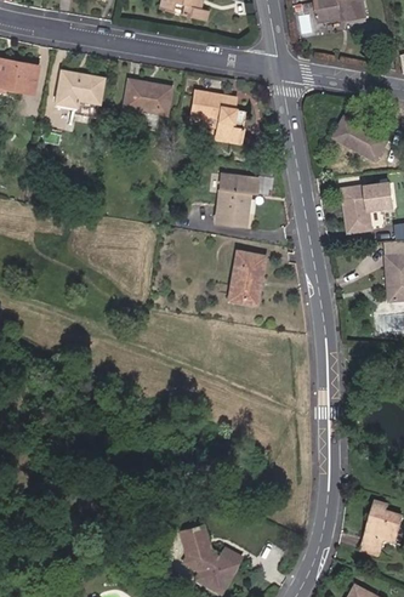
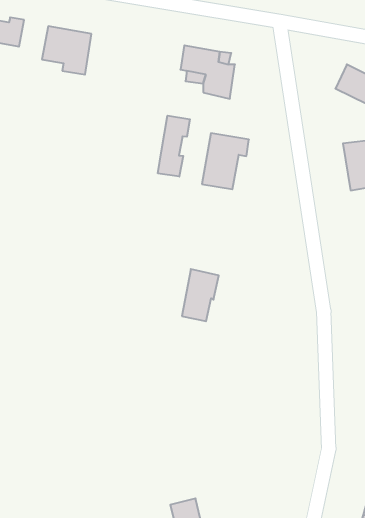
building: [119,80,166,129] -> none
building: none -> [158,116,190,177]
building: [227,254,262,303] -> [182,269,219,321]

